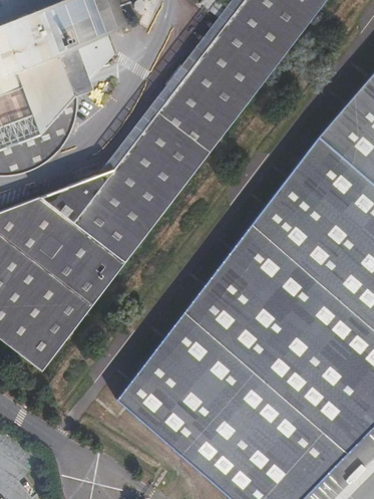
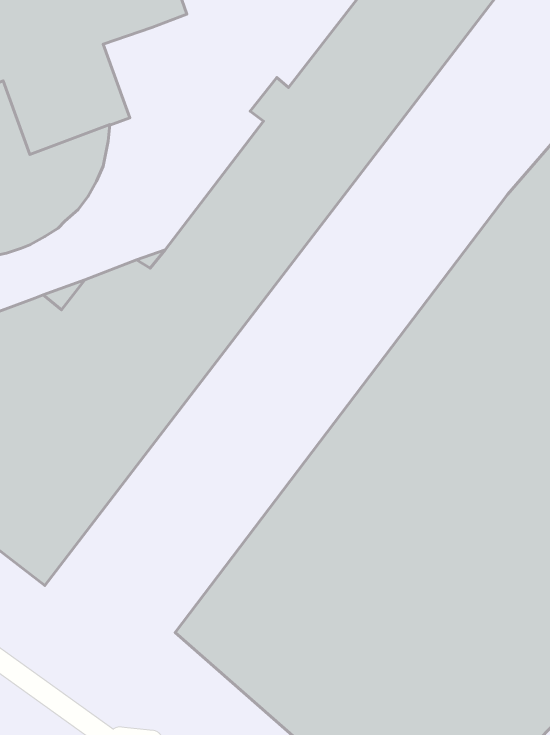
building: [76,36,113,79] -> none

